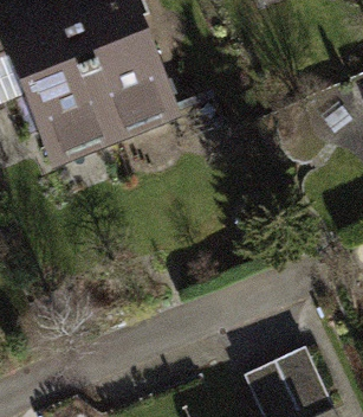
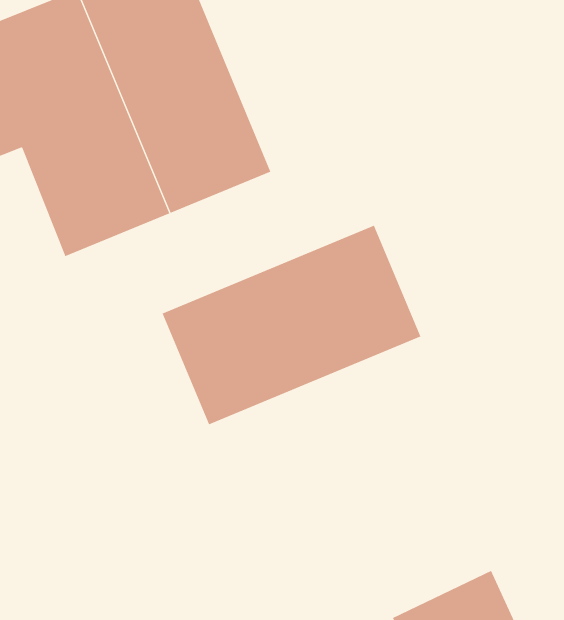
building: none -> [162,225,421,425]

